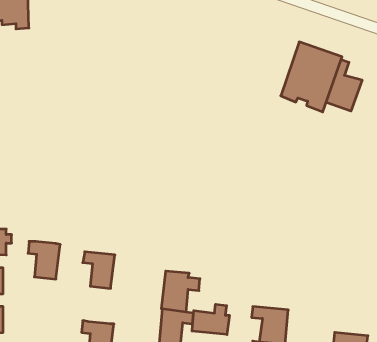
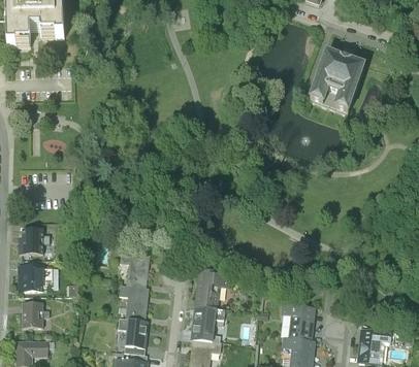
building: [326,60,362,111] -> none
building: [28,241,60,279] -> [119,283,150,320]
building: [192,304,229,335] -> none

